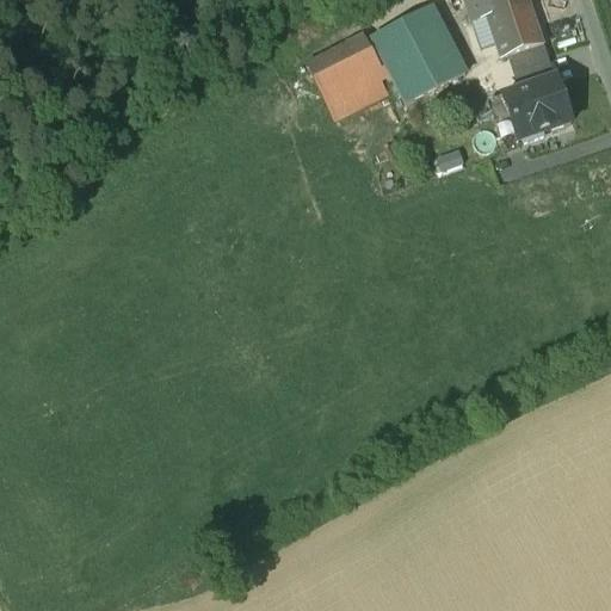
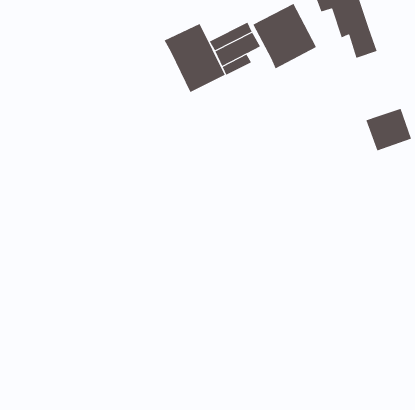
building: none -> [164,23,225,93]
building: [502,75,570,138] -> [365,108,412,151]

